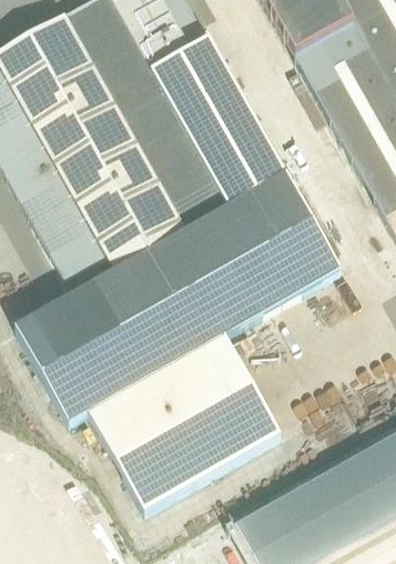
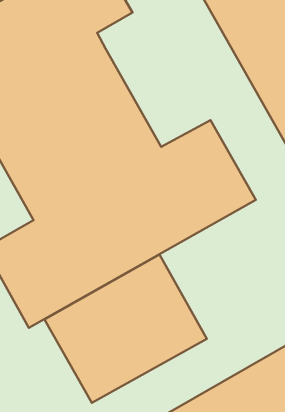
building: [151,36,286,205] -> none

